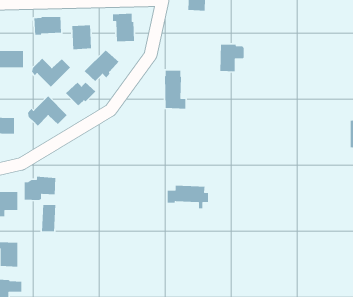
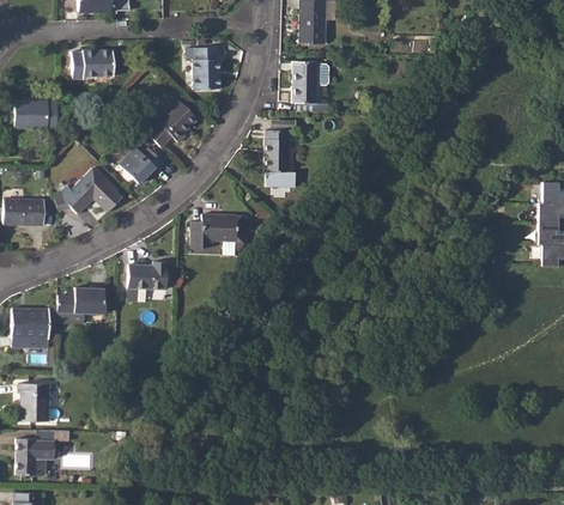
building: [71,24,92,50] -> none
building: [219,44,245,72] -> [292,61,329,103]
building: [31,58,71,87] -> none
building: none -> [128,261,168,290]
building: [167,185,209,209] -> [190,214,253,250]
building: [41,204,56,232] -> none

